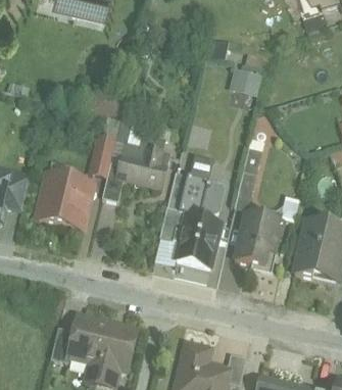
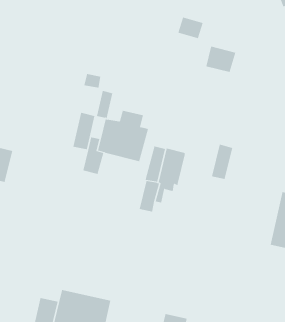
building: [39,176,92,229] -> none
building: [201,182,225,215] -> none
building: [235,211,282,267] -> none
building: [177,217,219,266] -> none

